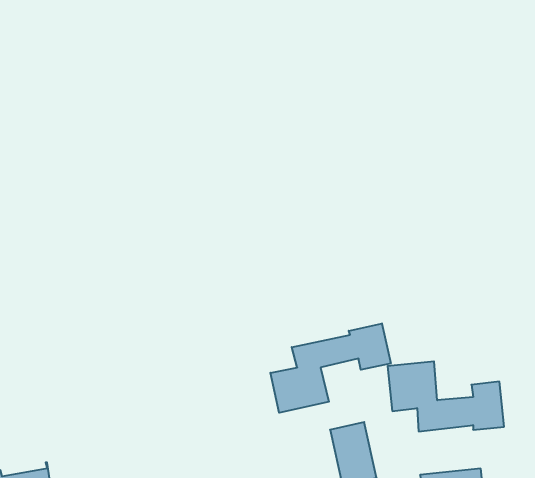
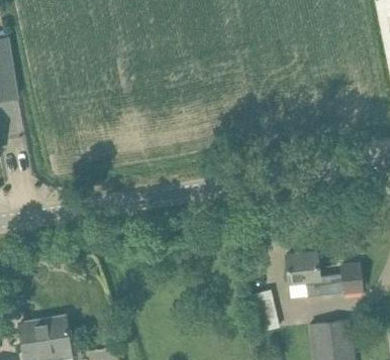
building: [270,323,391,413] -> none

